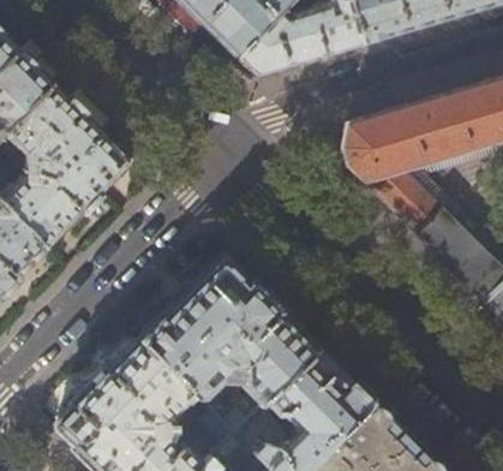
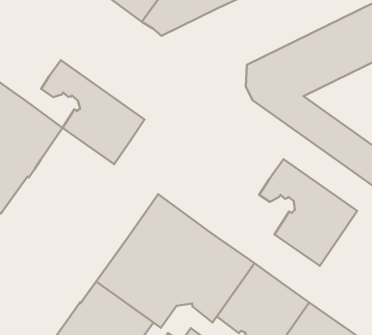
building: none -> [41,60,145,164]
building: none -> [259,159,357,266]

